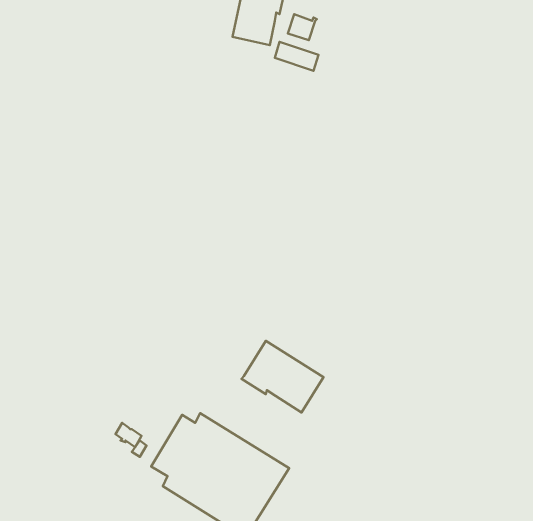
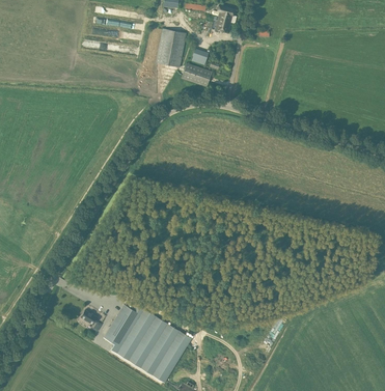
building: [241,341,323,412] -> none

